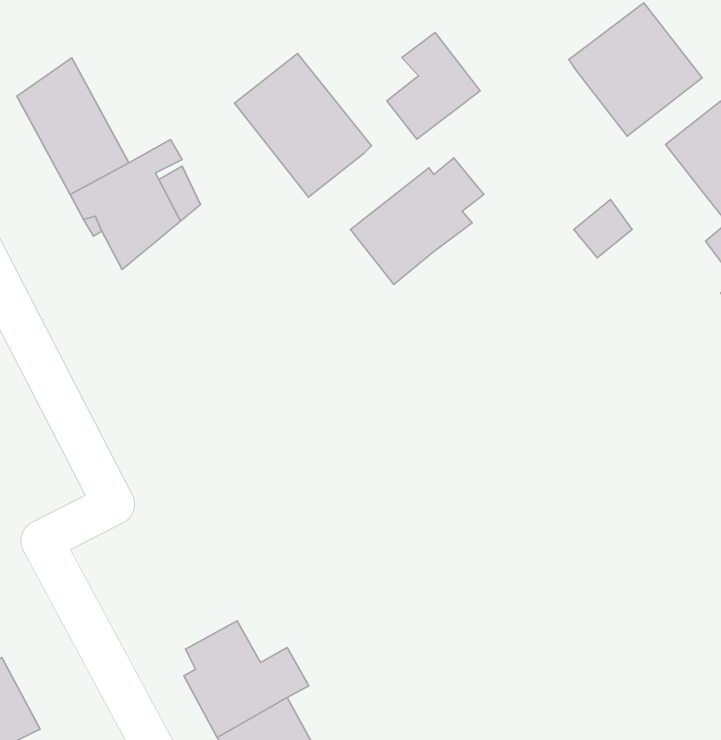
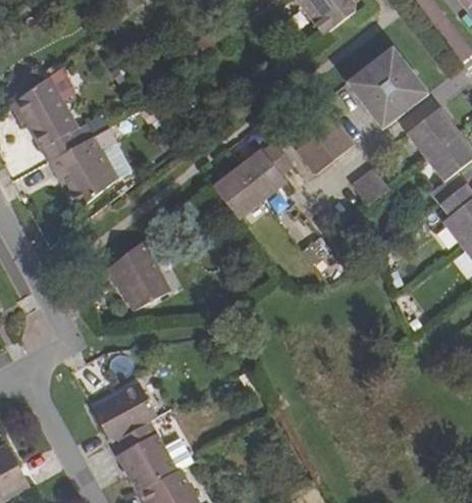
building: [387,32,480,139] -> [301,105,358,170]
building: [234,54,372,197] -> none
building: none -> [106,243,167,312]
building: none -> [90,385,155,444]

